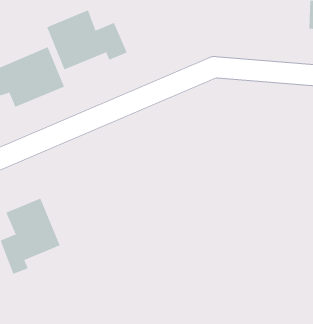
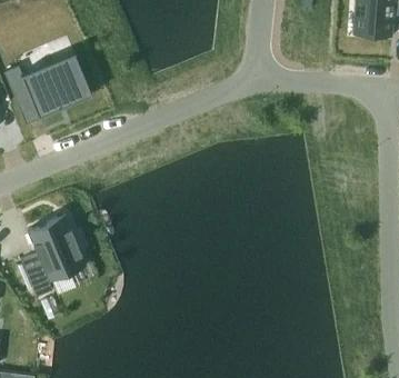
building: [46,10,128,70] -> none

